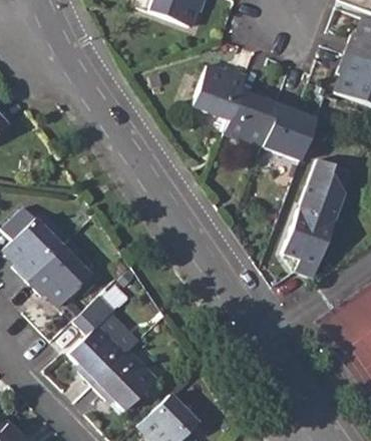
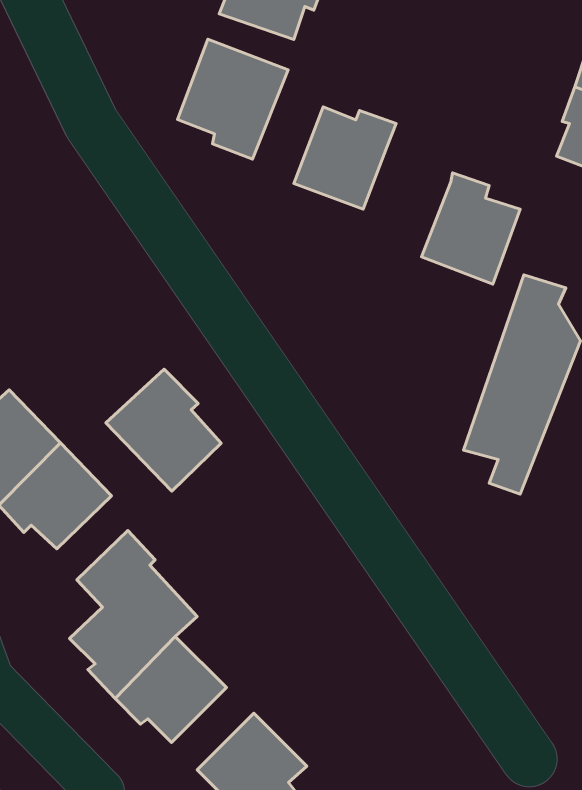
building: none -> [177,39,288,159]
building: [225,85,277,145] -> none
building: none -> [106,369,221,491]

